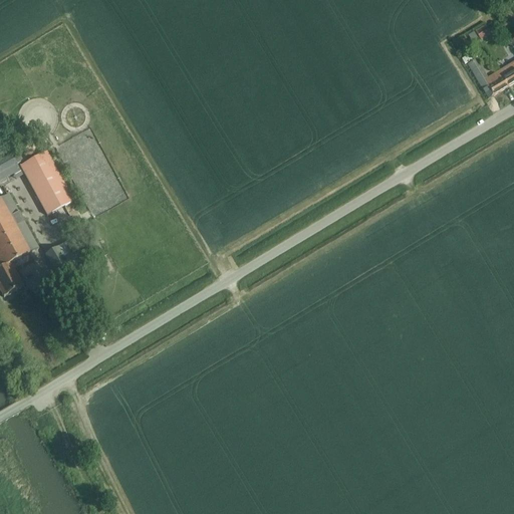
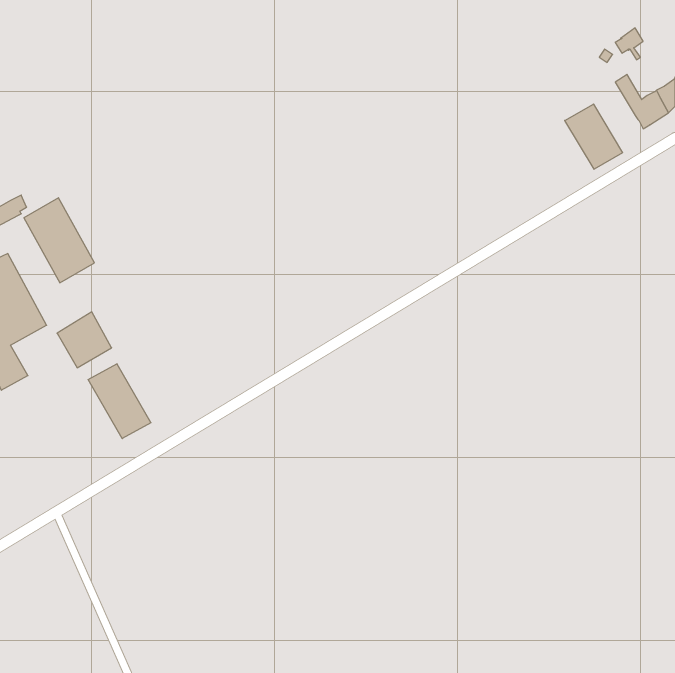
building: none -> [565,104,623,169]
building: none -> [88,364,151,439]

